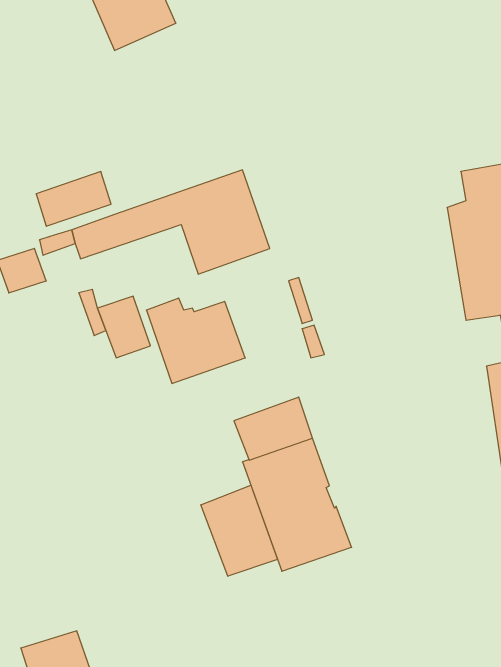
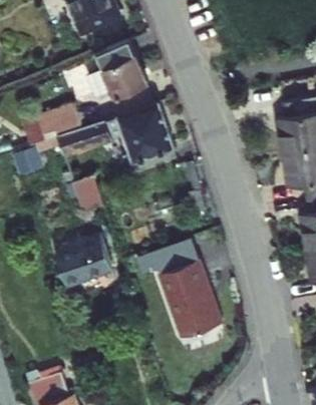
building: none -> [85,40,146,99]
building: [146,298,245,383] -> [52,236,110,286]
building: [201,485,277,576] -> none

